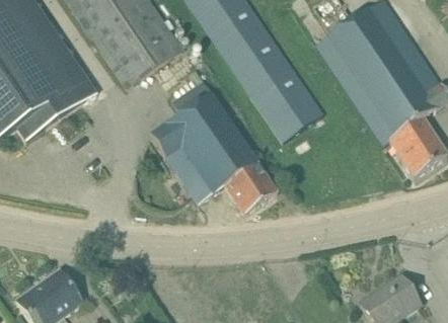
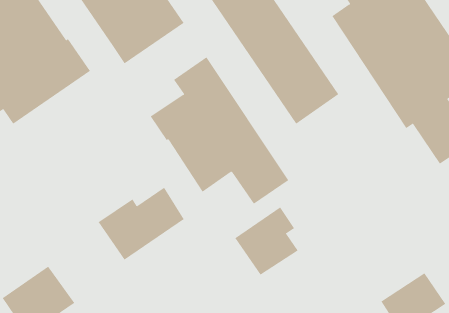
building: none -> [98,187,184,260]
building: none -> [235,206,298,276]

